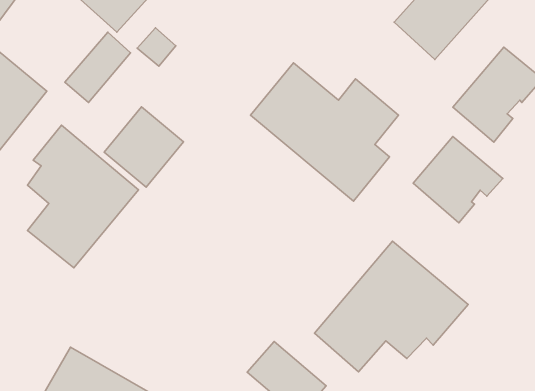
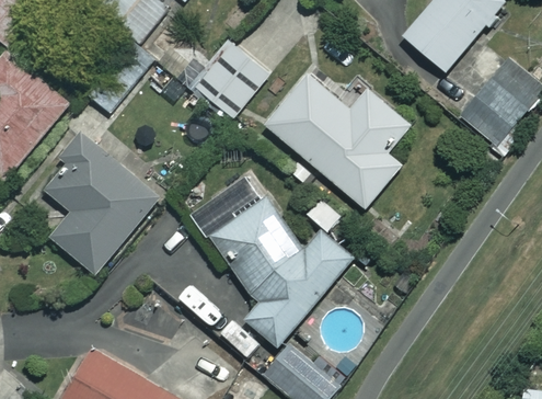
building: [104,107,184,187] -> [193,41,269,118]
building: [413,136,503,223] -> none
building: none -> [192,174,355,346]
building: [314,241,468,372] -> none

